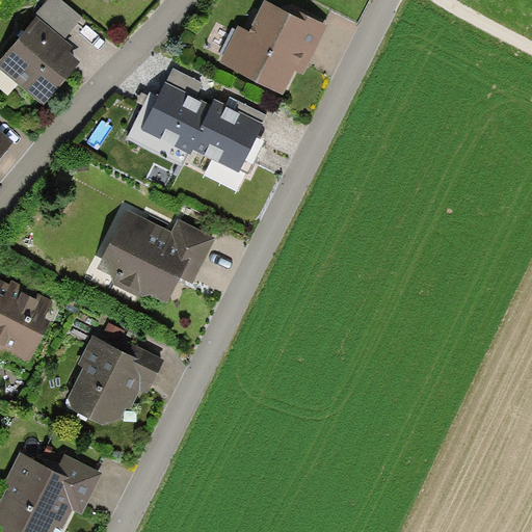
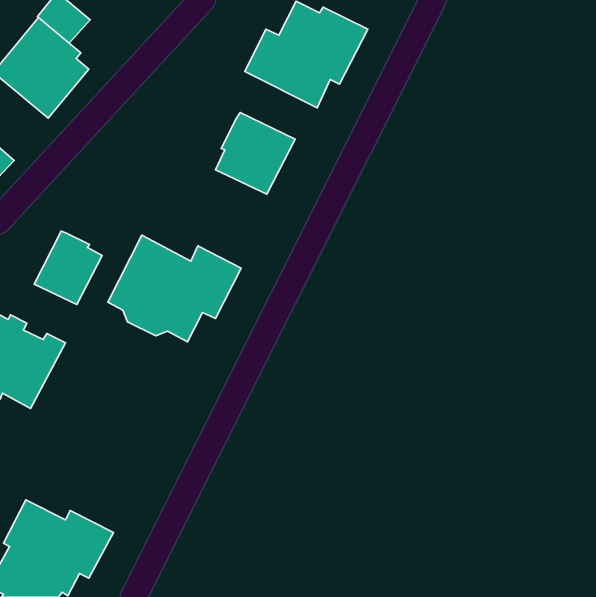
building: [139,82,210,155] -> none
building: none -> [34,231,102,305]
building: [66,336,163,426] -> none

